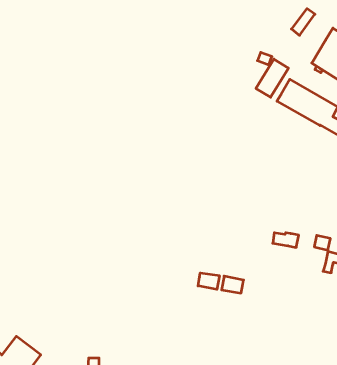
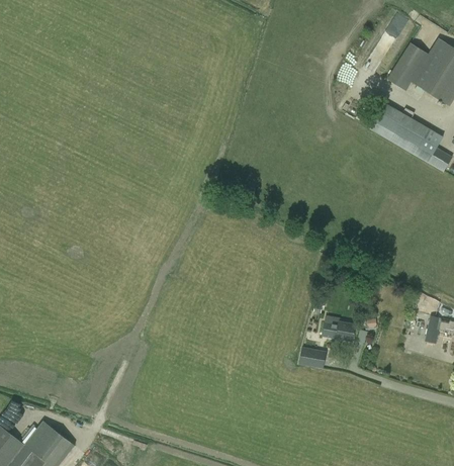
building: [256,59,288,97] -> [388,42,429,90]
building: [273,233,299,247] -> [324,322,356,341]
building: [198,273,219,289] -> none

